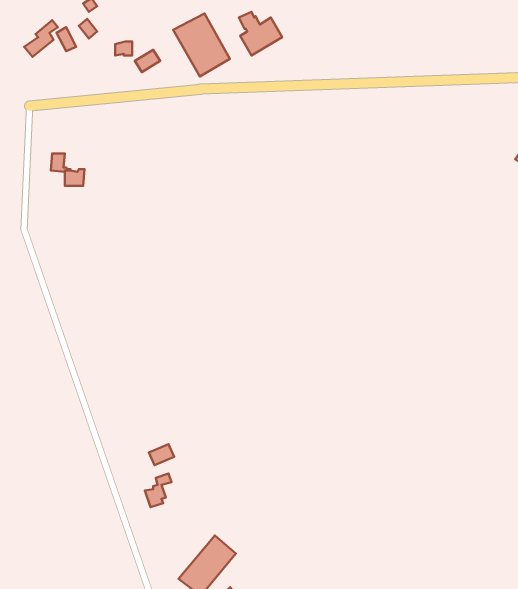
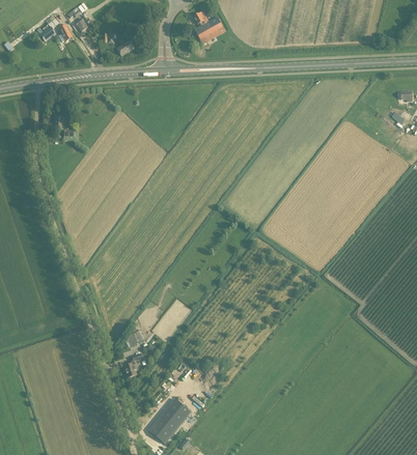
building: [173,14,230,77] -> none

